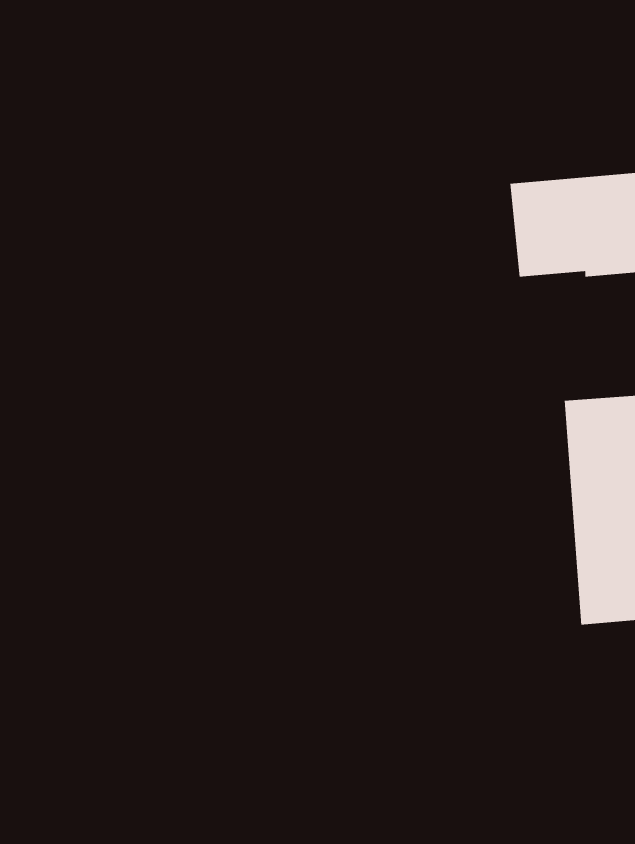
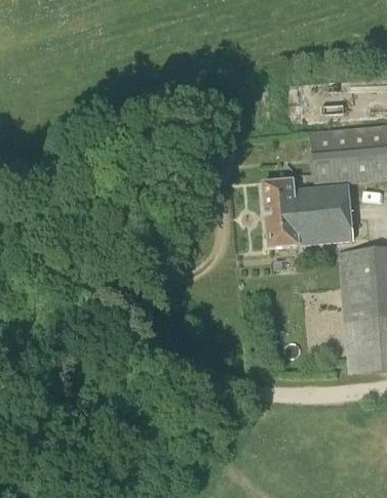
building: none -> [262,179,352,247]

